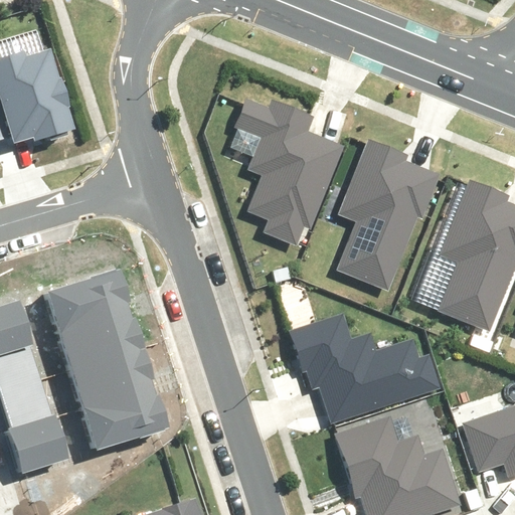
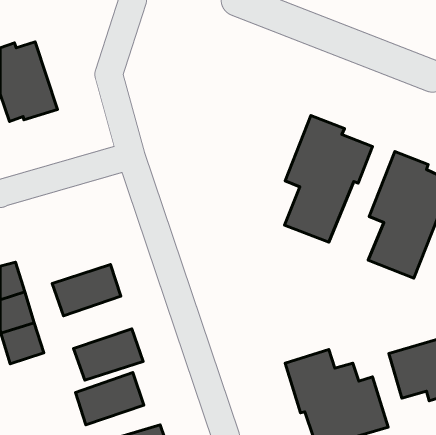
building: [234,100,342,243] -> none
building: [50,276,132,336] -> none
building: [286,310,440,426] -> none
building: [76,351,157,412] -> [75,373,144,425]
building: [10,417,67,474] -> none

